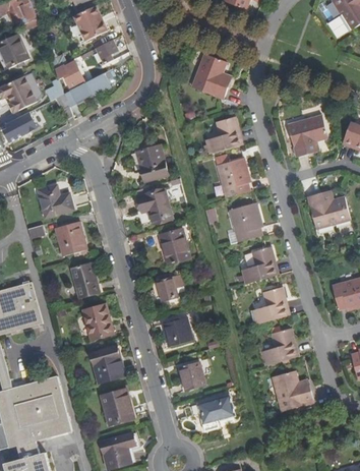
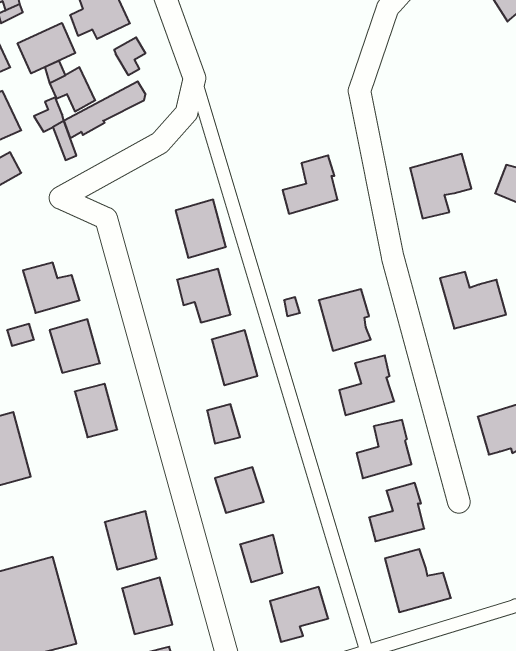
building: none -> [18,23,75,73]
building: [191,52,229,98] -> none
building: [216,157,249,196] -> none
building: [82,304,113,339] -> none

